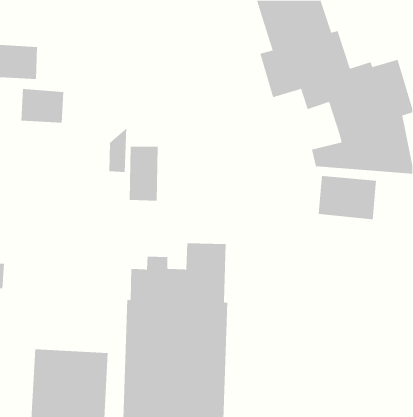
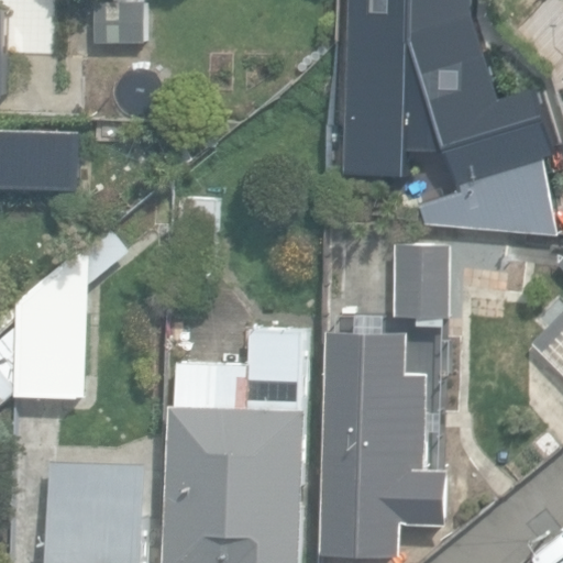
building: none -> [16,228,125,398]
building: none -> [319,331,444,558]

